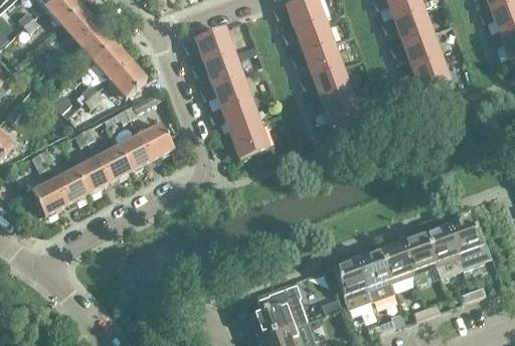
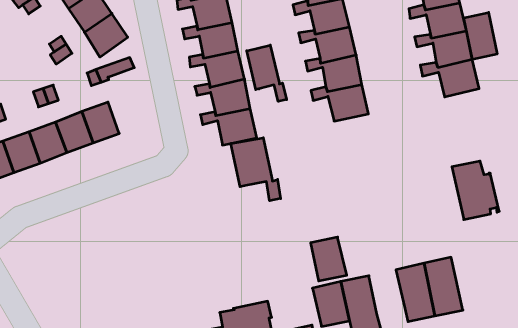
building: none -> [464,12,497,59]
building: none -> [247,45,287,101]
building: [138,123,173,159] -> none
building: none -> [231,138,281,201]
building: [446,217,491,269] -> [452,161,499,220]
building: [378,242,412,282] -> [311,237,347,281]

